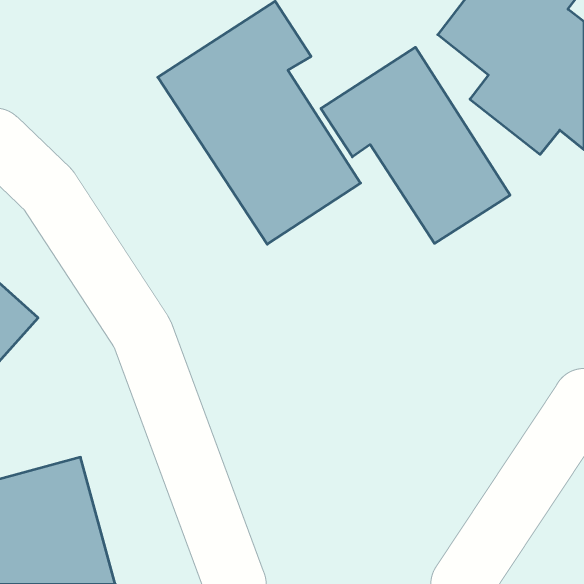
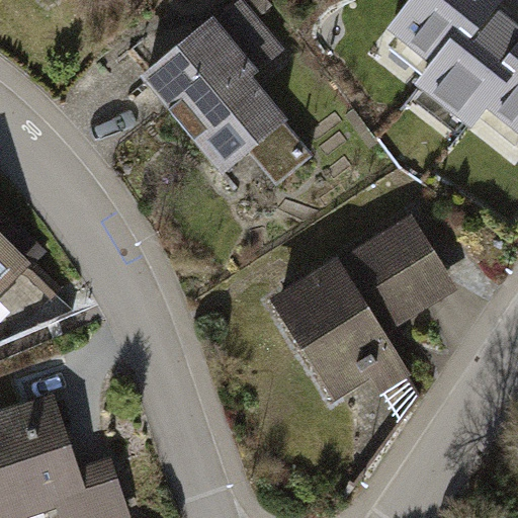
building: [321,47,510,243] -> none
building: none -> [270,211,457,402]

